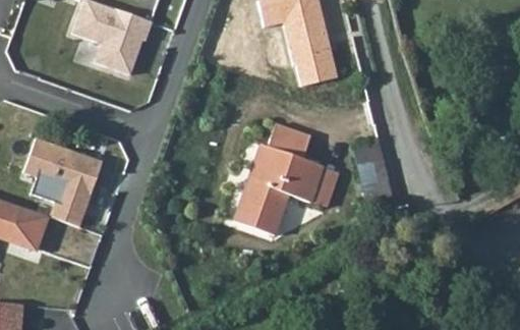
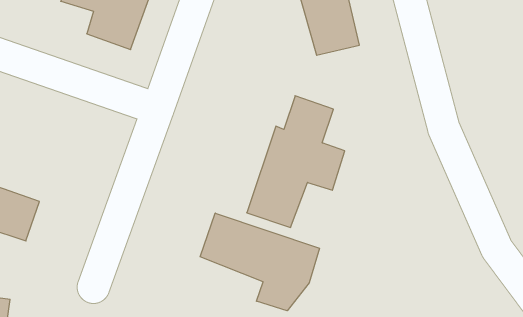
building: [21,136,101,227] -> none
building: none -> [200,213,320,311]

